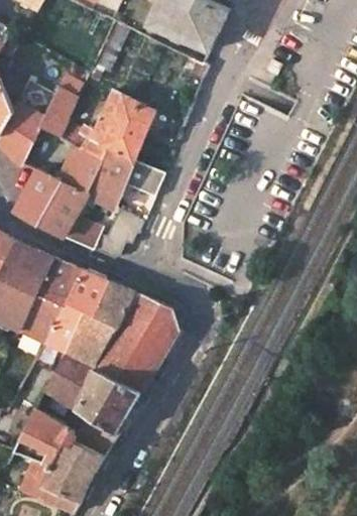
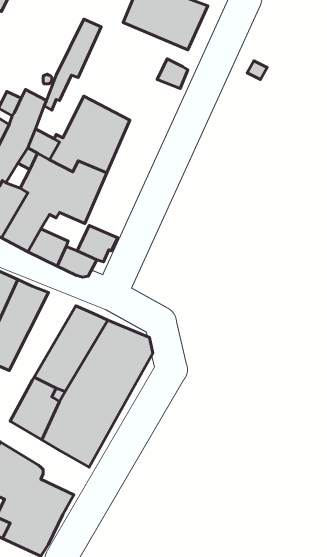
building: [122,161,162,198] -> none
building: [42,271,104,352] -> none
building: [72,415,116,457] -> none

